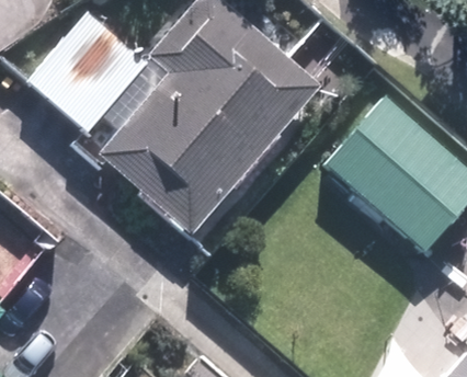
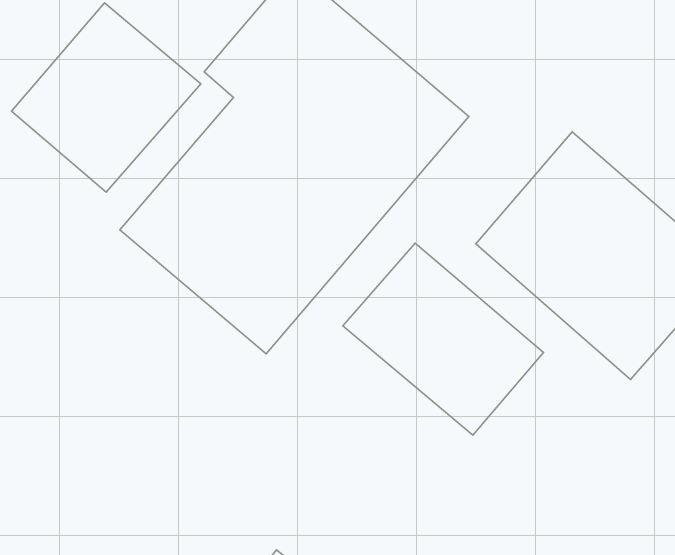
building: none -> [343,243,544,435]

